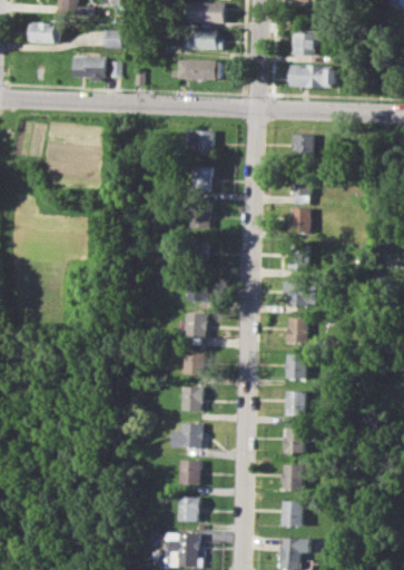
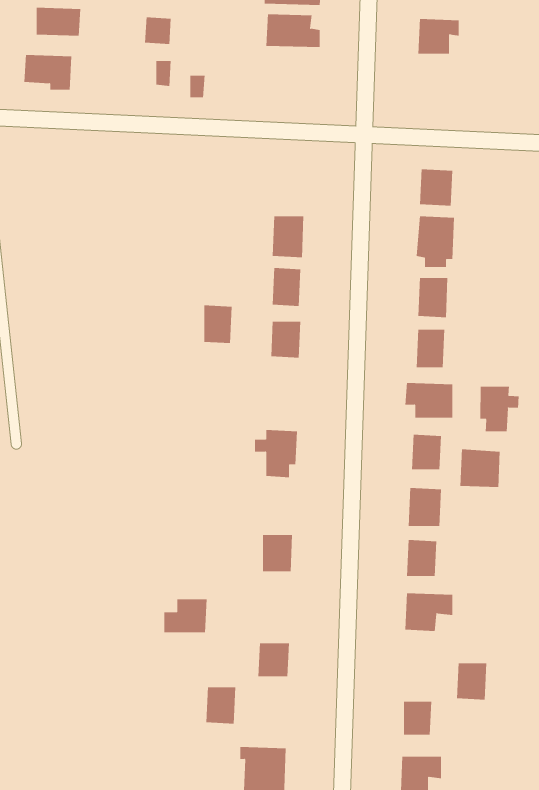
building: [72,57,106,81] -> [24,55,72,90]
building: [170,60,220,80] -> none
building: [288,63,337,87] -> none
building: [185,130,214,156] -> none
building: [188,275,208,302] -> [203,305,232,344]
building: none -> [480,386,519,432]
building: none -> [460,448,500,488]
building: [185,351,206,375] -> none
building: [174,423,204,446] -> [164,599,207,633]
building: [280,464,302,490] -> [456,663,487,700]
building: [179,497,200,522] -> [205,687,236,724]

